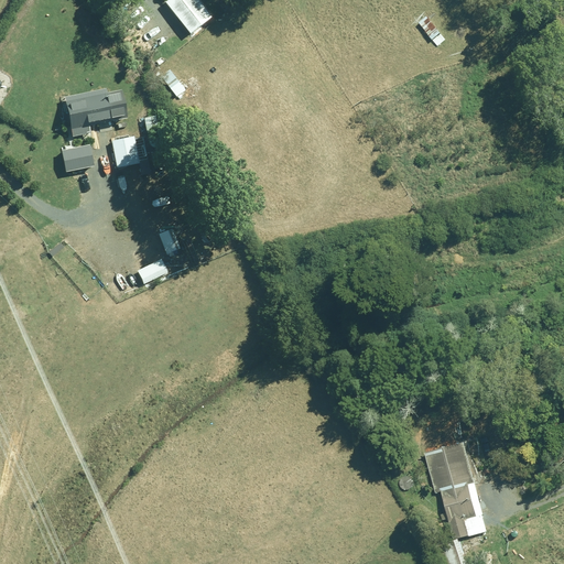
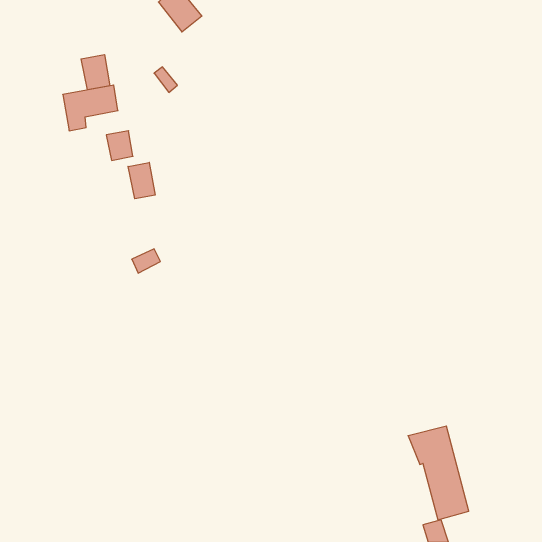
building: none -> [81,55,110,90]
building: [61,143,94,171] -> none
building: none -> [128,162,155,199]

